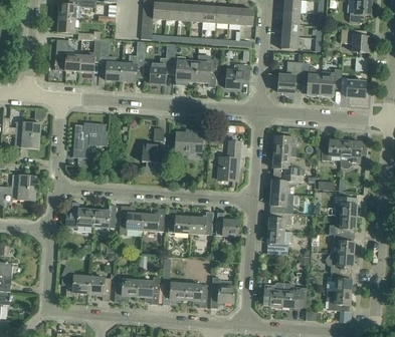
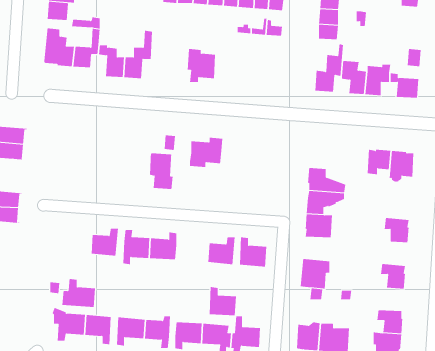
building: [340,28,368,52] -> none
building: [150,43,175,83] -> none
building: [196,58,217,87] -> none
building: [220,63,250,88] -> none
building: [73,122,109,157] -> none
building: [273,135,297,156] -> none
building: [218,140,241,181] -> none
building: [66,202,94,226] -> [62,278,96,308]
building: [168,209,191,233] -> [209,287,237,316]
building: [268,212,292,232] -> none
building: [329,216,356,236] -> none
building: [327,253,353,273] -> none

